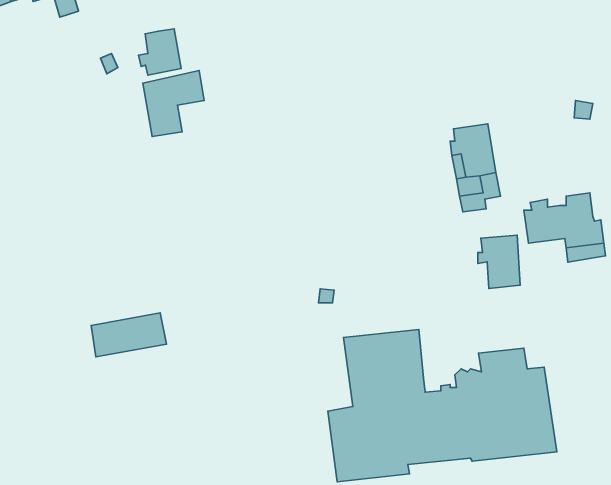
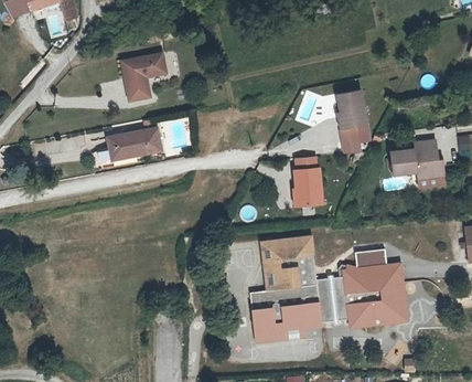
building: [139,29,181,75] -> none
building: [478,235,520,288] -> [290,168,320,205]
building: [91,313,167,357] -> [105,128,158,159]

